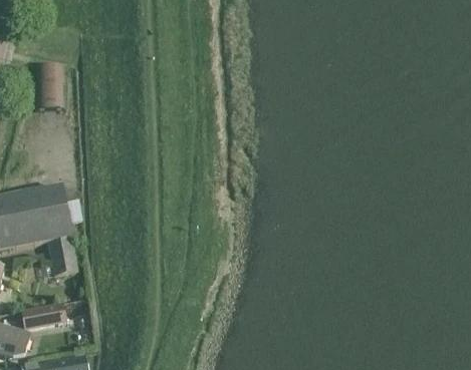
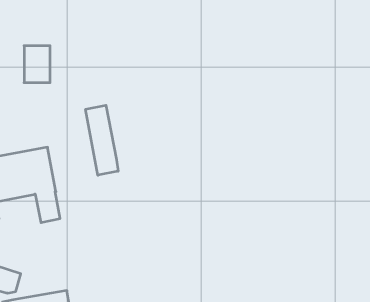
building: none -> [86,105,118,175]
building: [16,302,59,326] -> none

